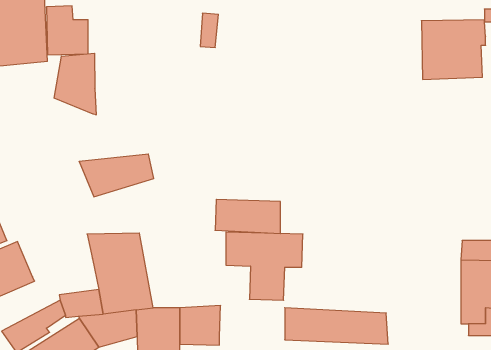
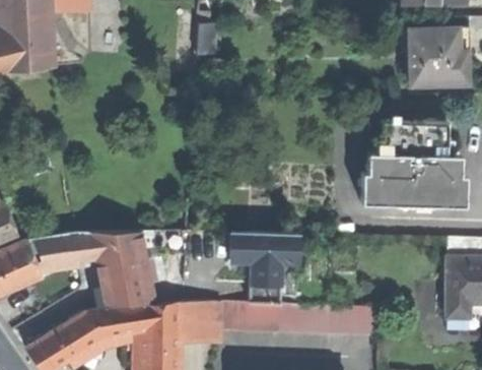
building: [54,53,96,115] -> none
building: none -> [361,122,466,204]
building: [79,154,154,197] -> [24,233,95,273]
building: [215,199,280,234] -> [216,301,278,333]

